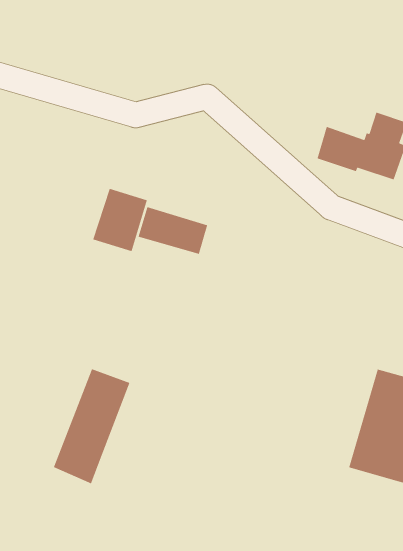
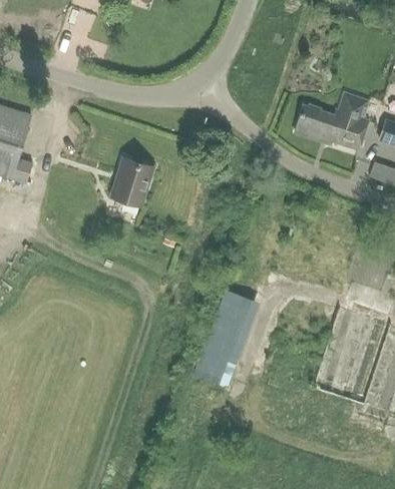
building: [137,206,208,255] -> none
building: [53,368,130,485] -> [192,290,257,386]

